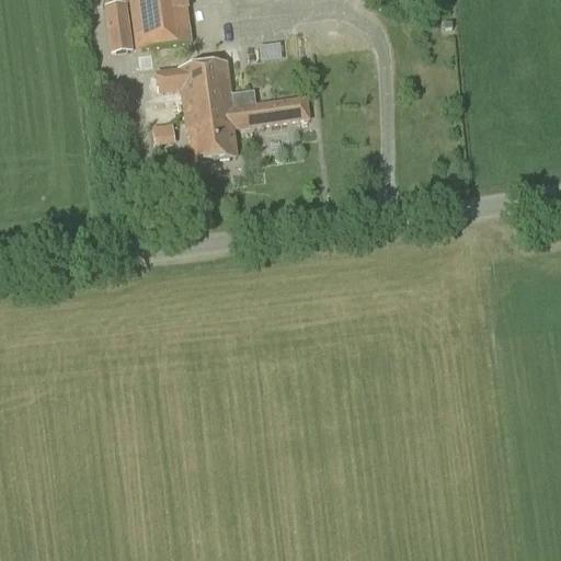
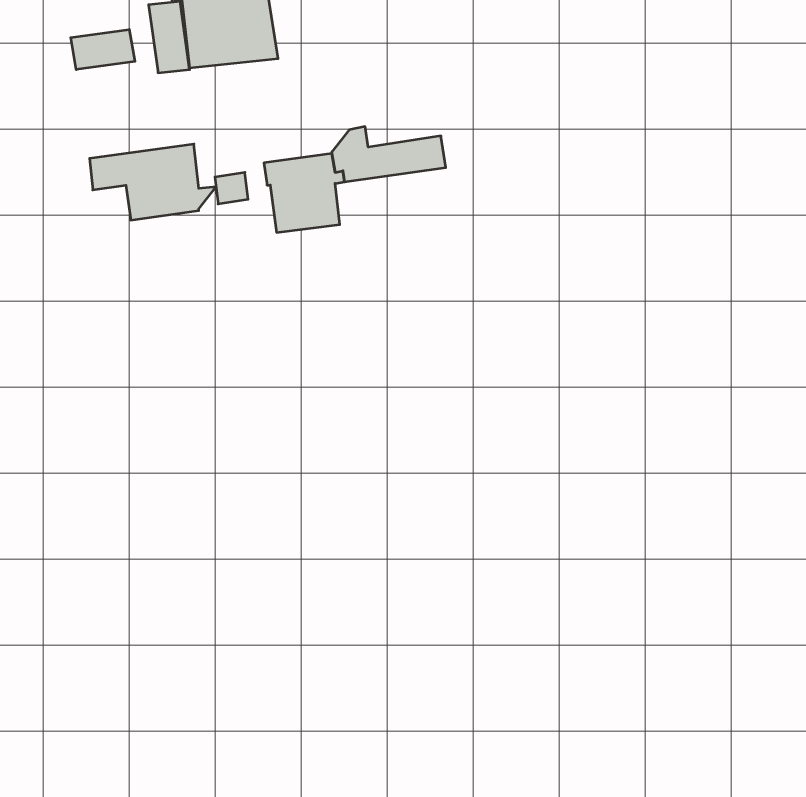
building: none -> [71,29,135,70]
building: [156,60,243,113] -> [90,144,216,220]

